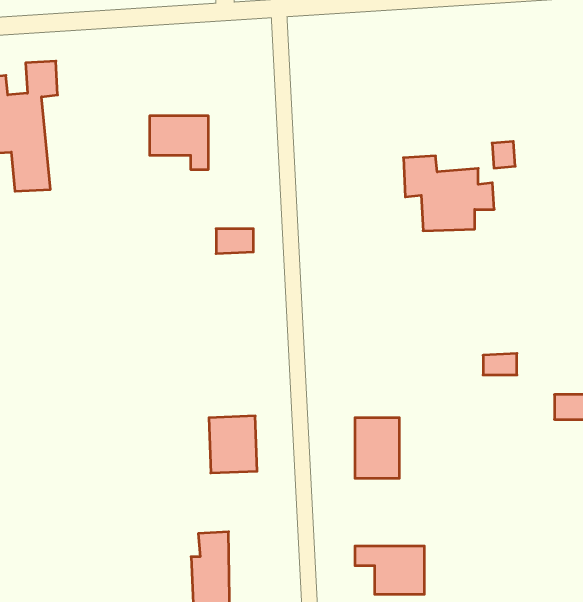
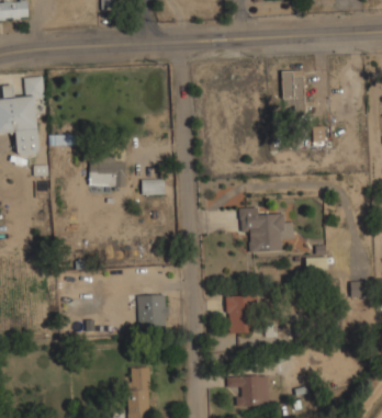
building: none -> [282,70,304,105]
building: [150,116,208,169] -> [89,161,125,194]
building: [403,156,494,231] -> [239,206,295,252]

